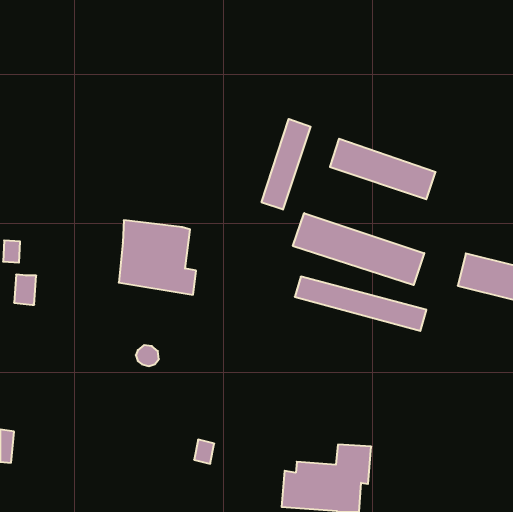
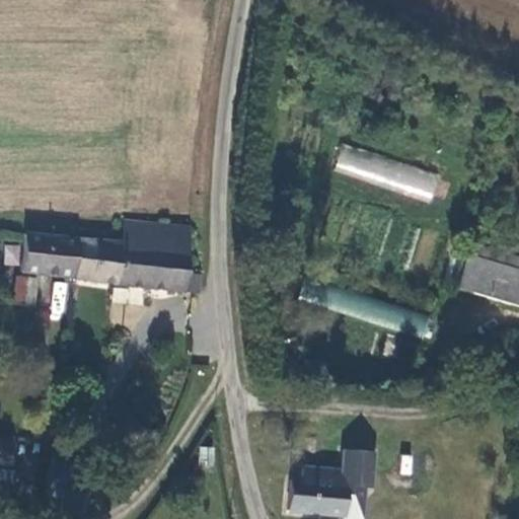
building: [262,119,311,210] -> none
building: [293,213,424,285] -> none
building: none -> [22,233,125,285]

